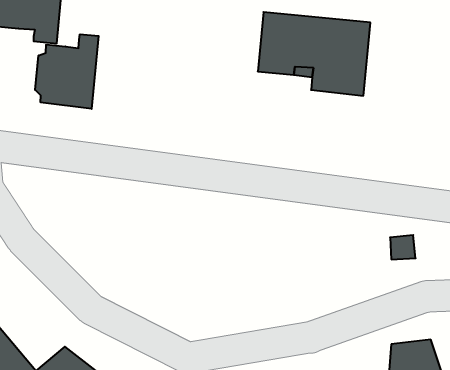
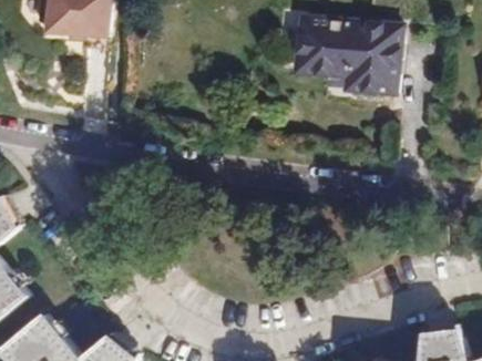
building: [35,34,99,109] -> none

